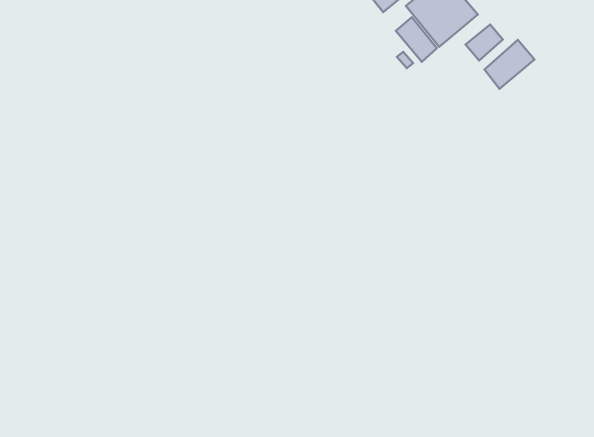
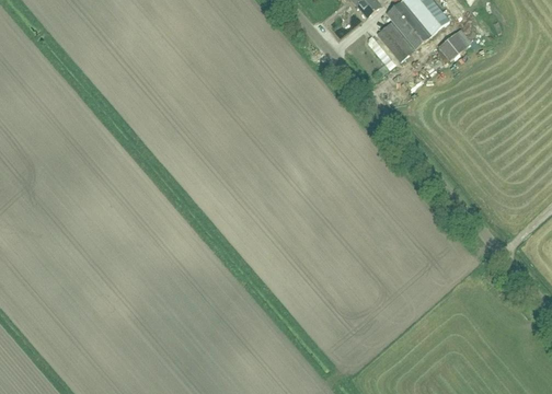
building: [484,40,534,89] -> none

